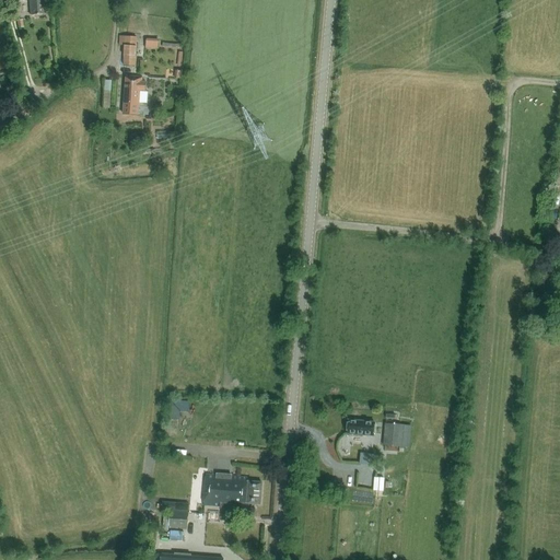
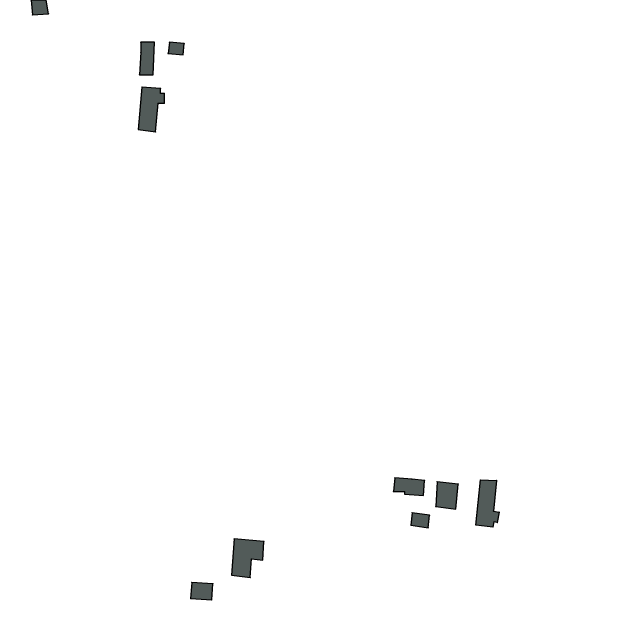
building: none -> [476,480,499,527]
building: [220,476,260,509] -> none

